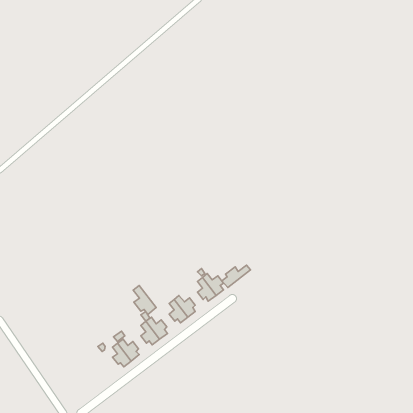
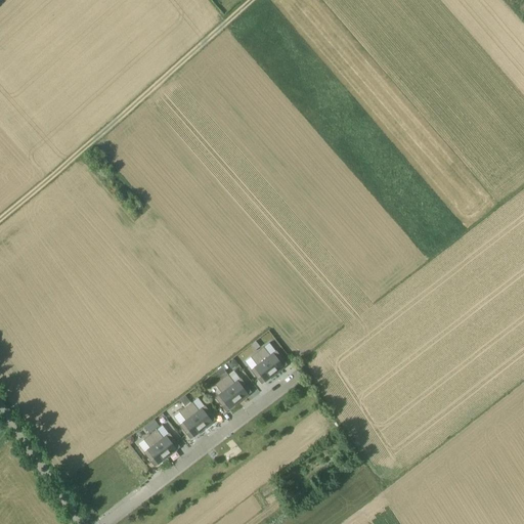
building: [222,265,251,288] -> none
building: [133,285,156,315] -> none

